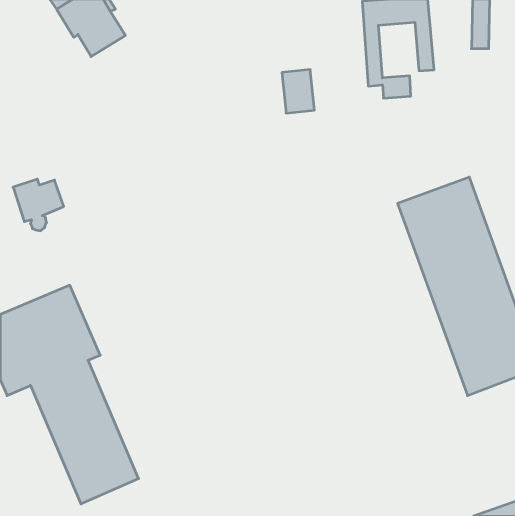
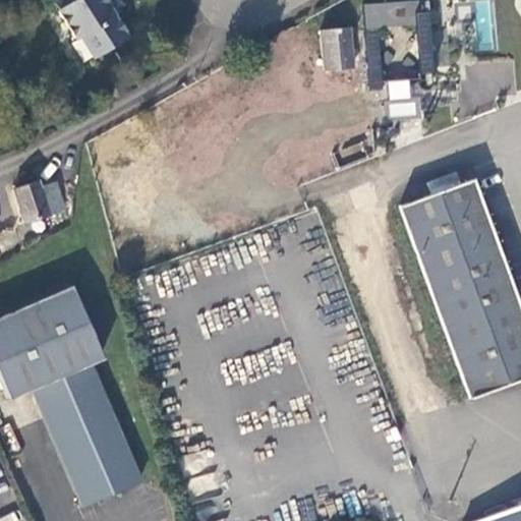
building: [282,70,314,113] -> [322,27,354,71]

